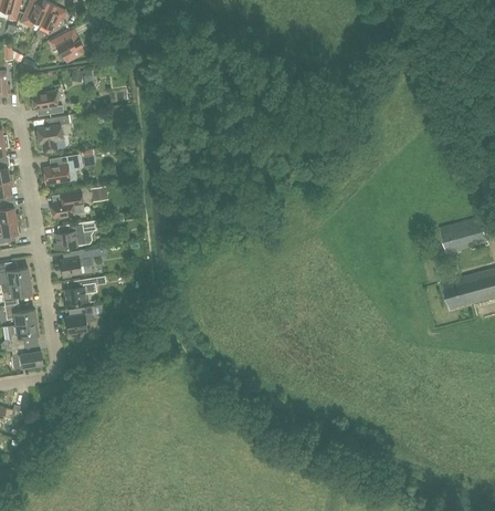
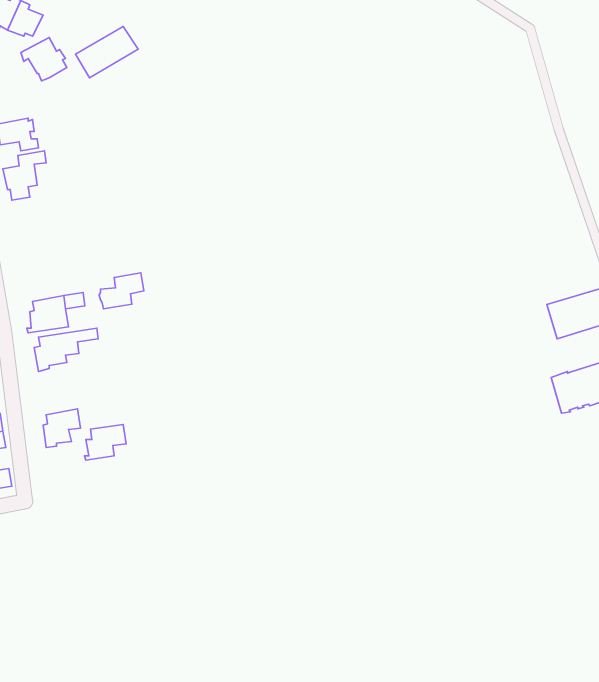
building: none -> [76,26,138,78]
building: [43,154,81,184] -> none
building: [50,190,83,217] -> [99,273,144,309]
building: [63,278,94,304] -> [84,425,126,460]

